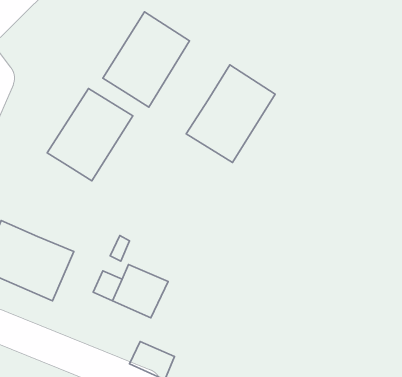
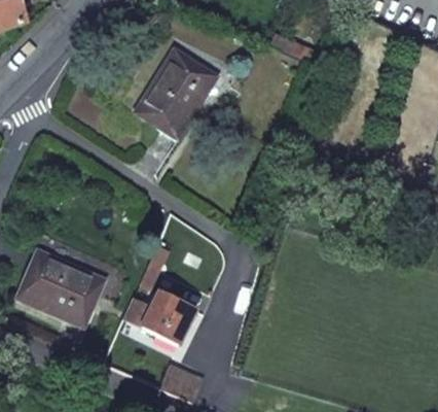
building: [186,65,275,163] -> none
building: [47,89,133,181] -> none

